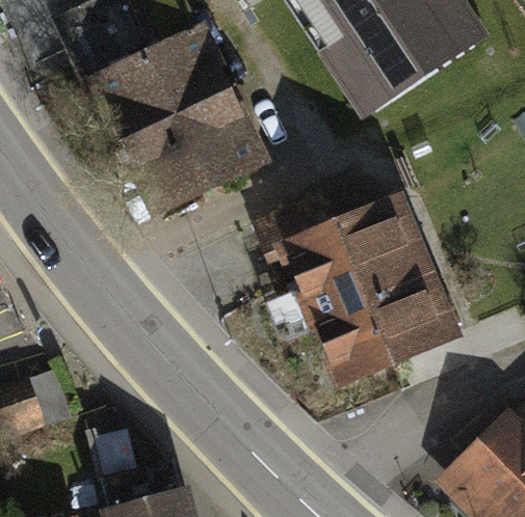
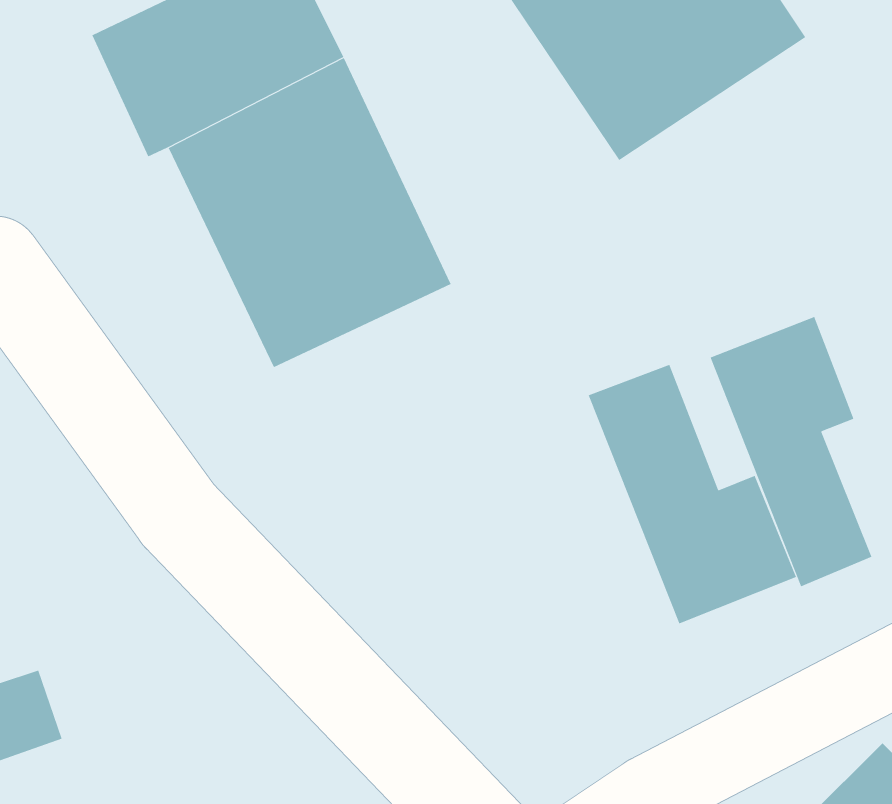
building: none -> [710,316,872,587]
building: [262,197,398,380] -> none

